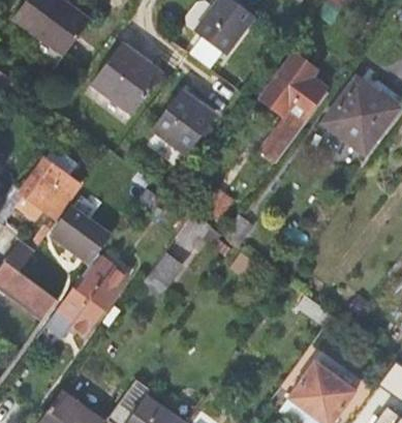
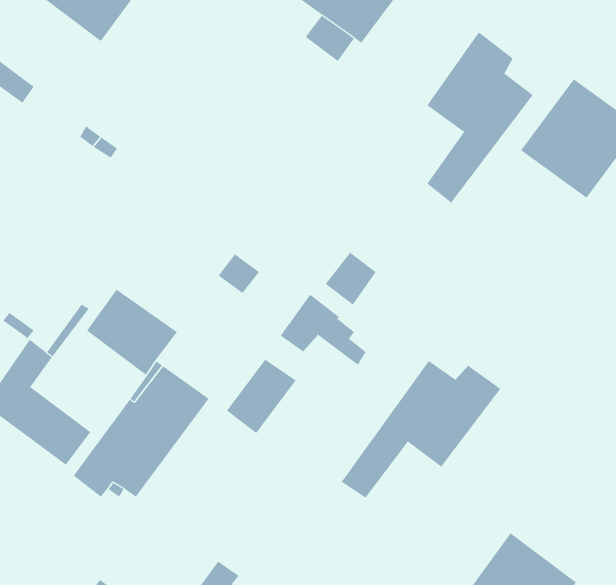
building: [89,48,160,119] -> none
building: [149,88,213,154] -> none
building: [16,156,81,219] -> none
building: none -> [341,360,501,498]

